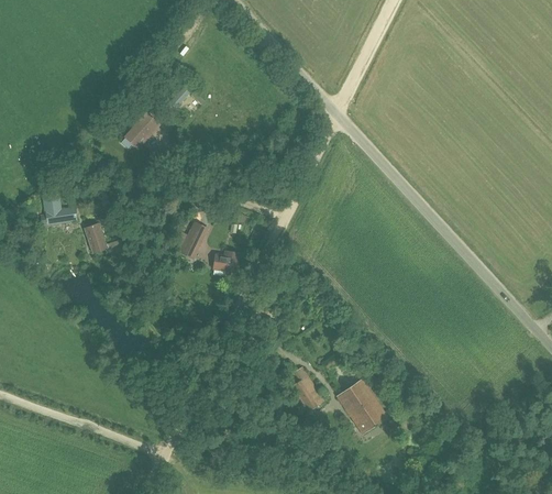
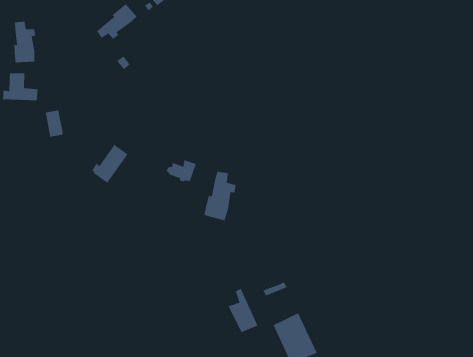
building: none -> [13,21,36,63]
building: [176,220,209,260] -> [91,144,128,184]
building: none -> [203,171,236,221]

